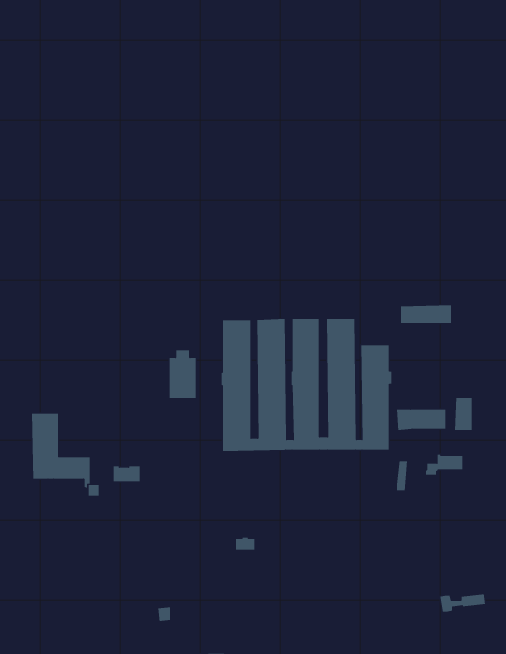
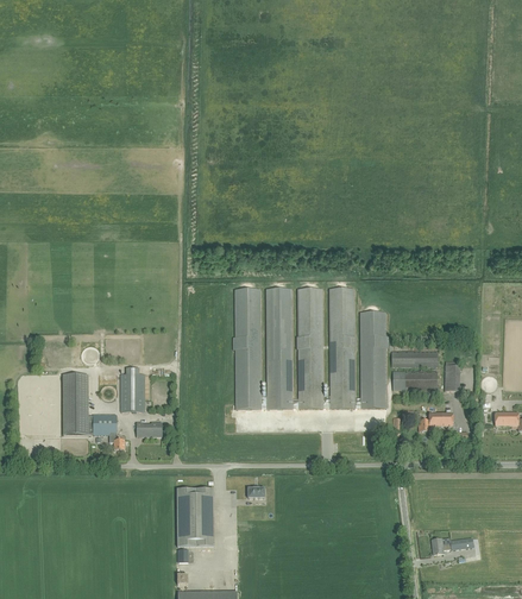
building: [400,305,452,323] -> [390,349,436,366]
building: [169,350,196,399] -> [119,367,144,411]
building: none -> [176,488,214,547]

